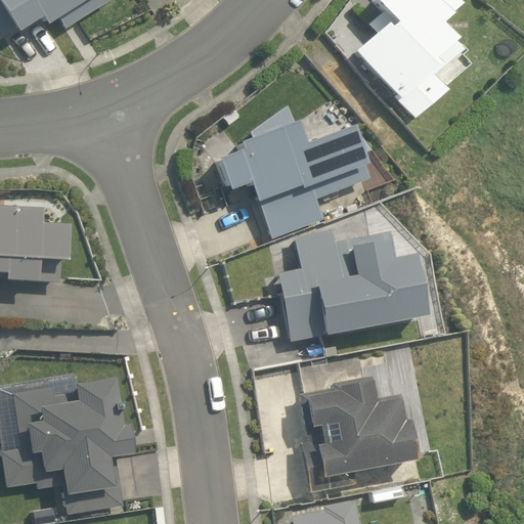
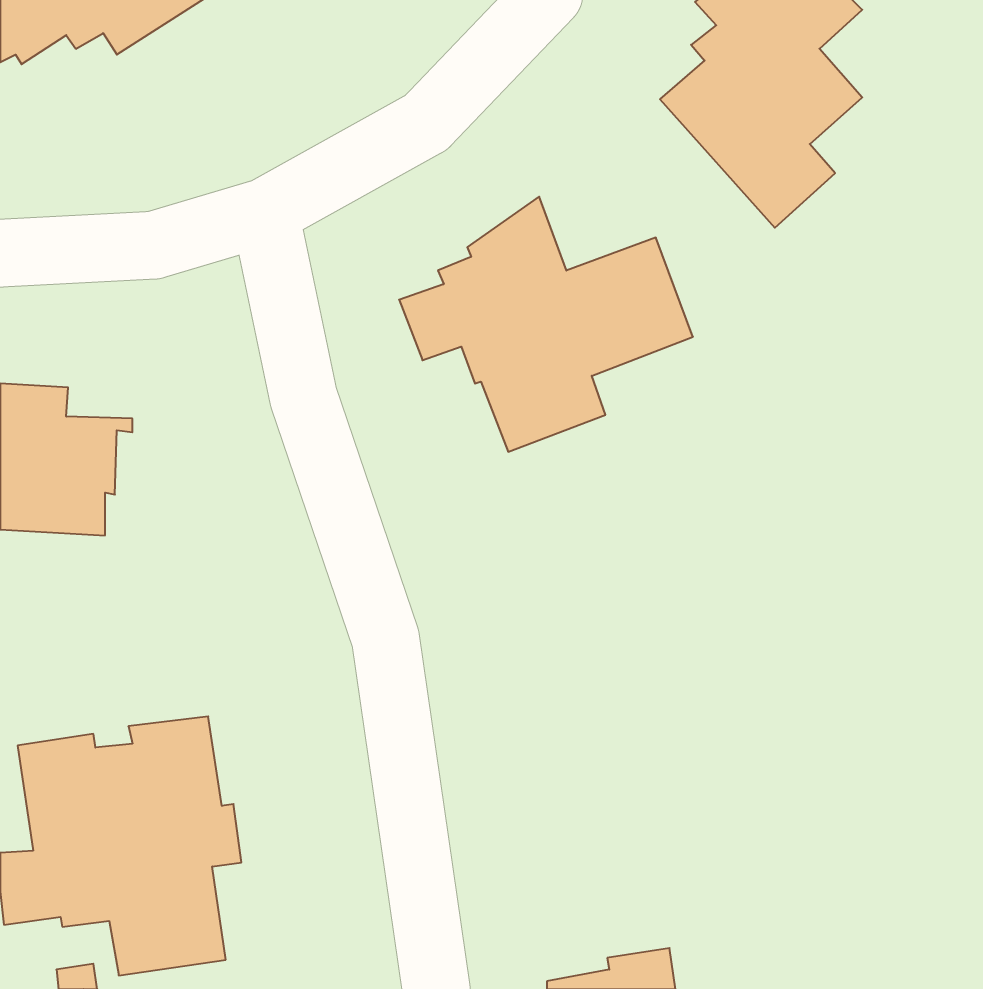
building: [278,228,426,340] -> none
building: [300,375,417,491] -> none

